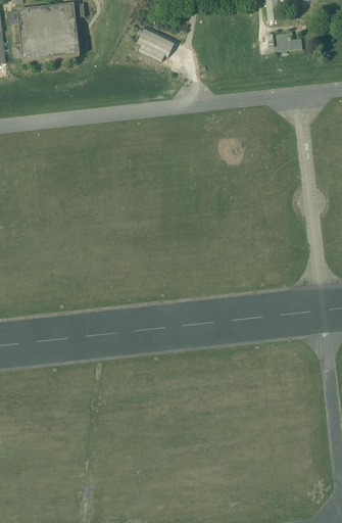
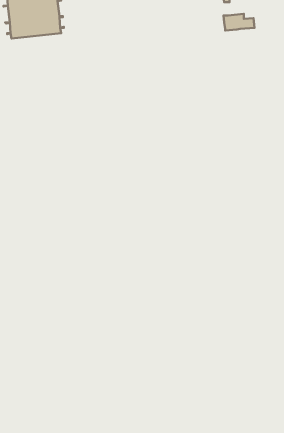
building: [137,22,177,59] -> none

